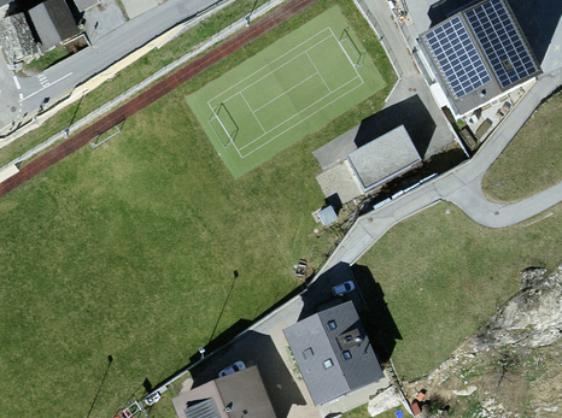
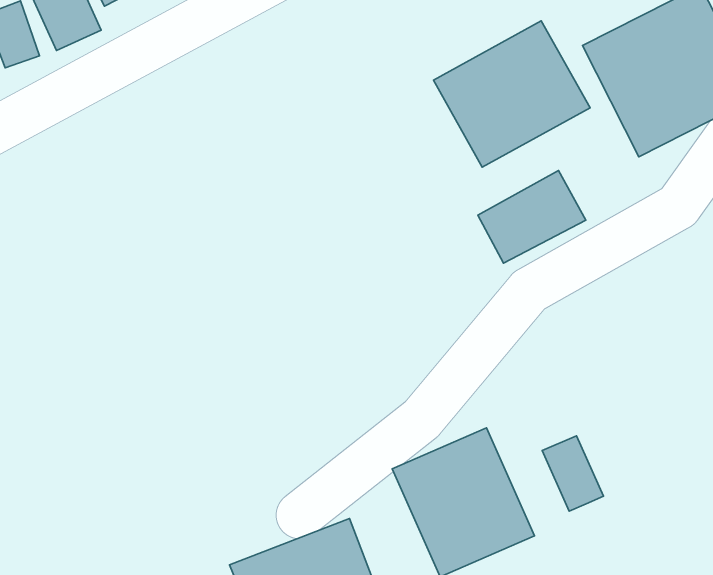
building: none -> [433,21,590,167]
building: none -> [542,436,603,511]

